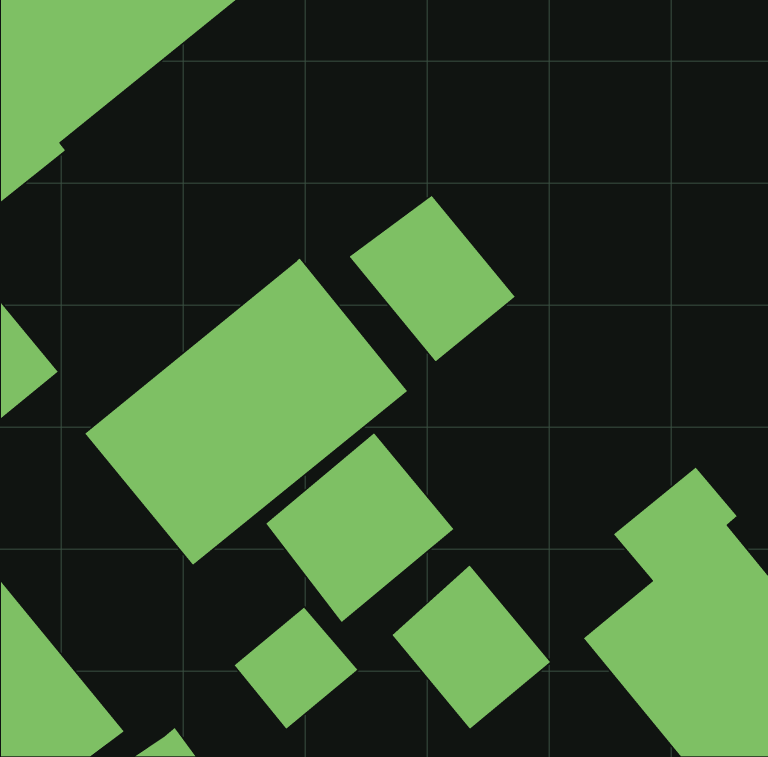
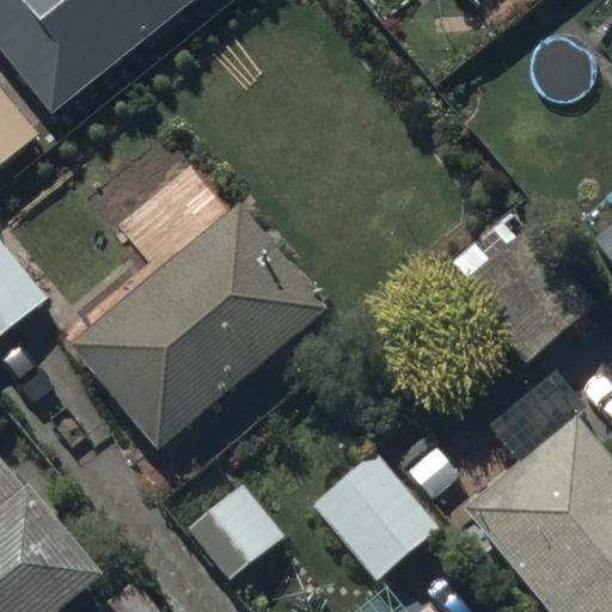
building: [349,195,516,363] -> none
building: [265,432,455,623] -> none

